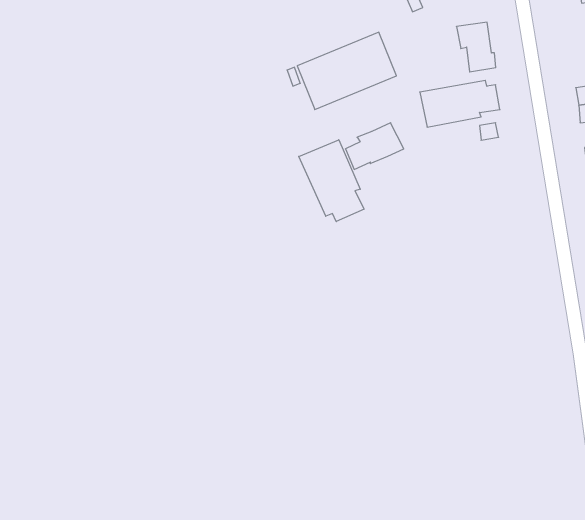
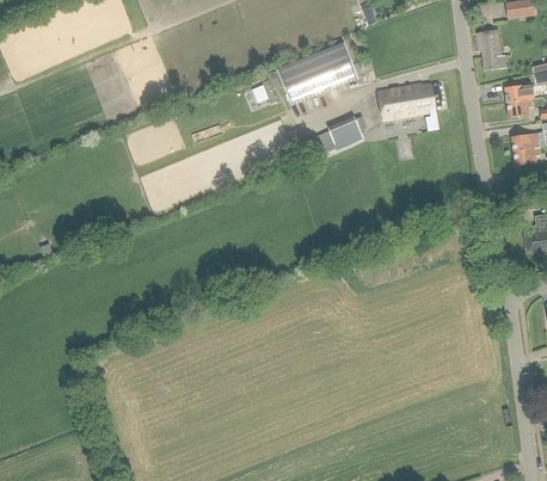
building: [456,22,496,72] -> [474,30,506,70]
building: [299,140,364,222] -> none

